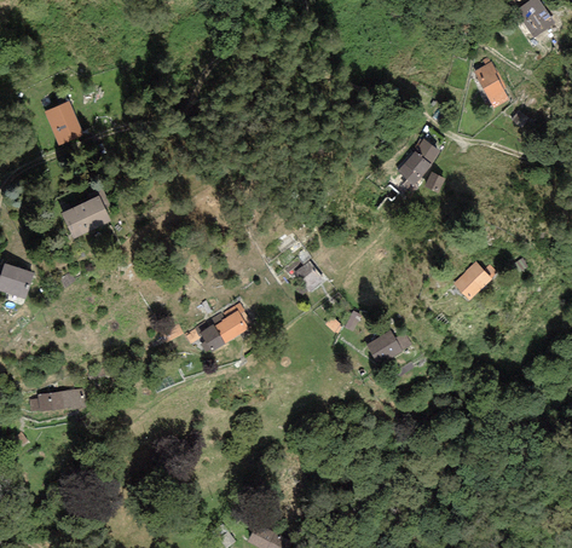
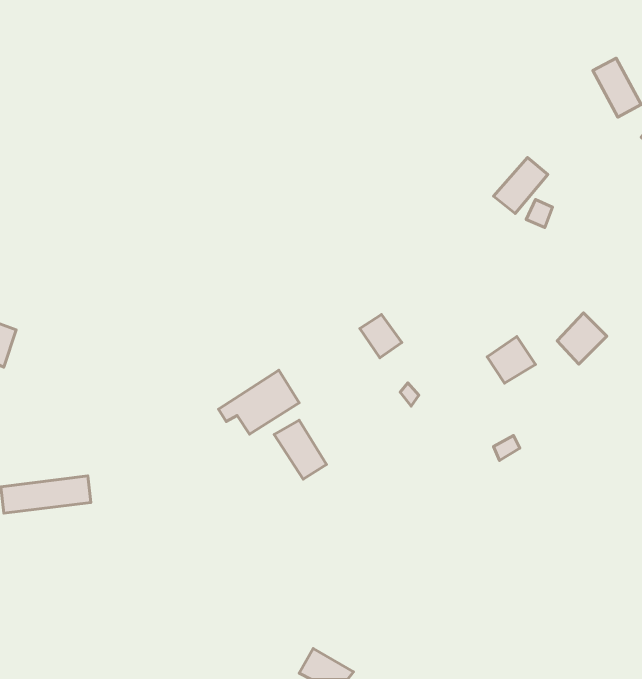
building: [46,99,83,143] -> none
building: [58,189,110,238] -> none
building: [365,330,403,367] -> [487,337,535,383]
building: none -> [274,420,327,479]

